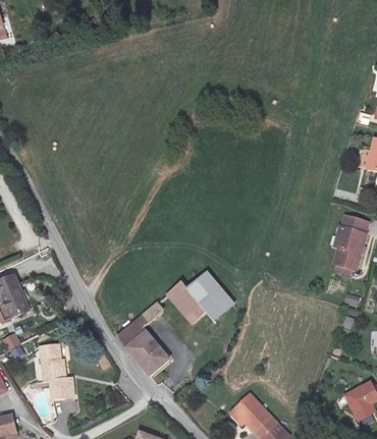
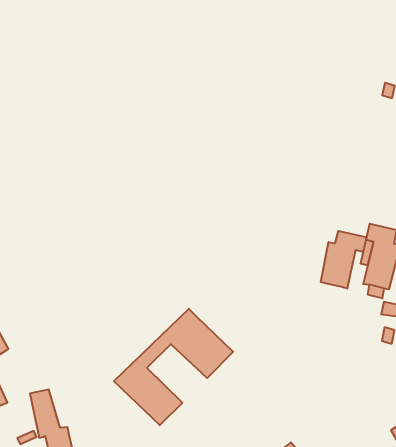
building: none -> [321,231,366,289]
building: [187,272,234,321] -> none

